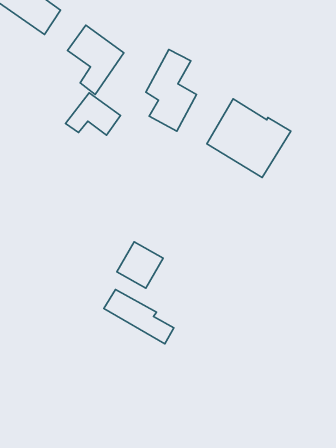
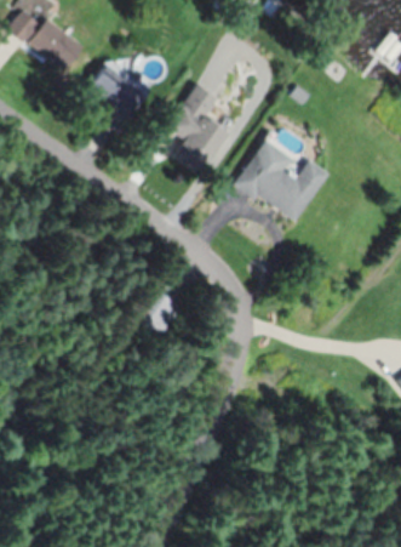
building: [66,93,121,135] -> none
building: [104,290,174,344] -> none

